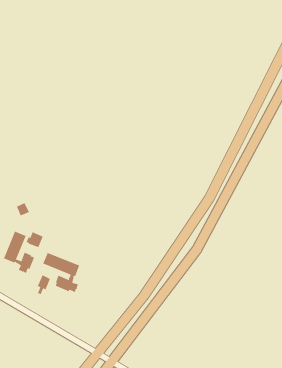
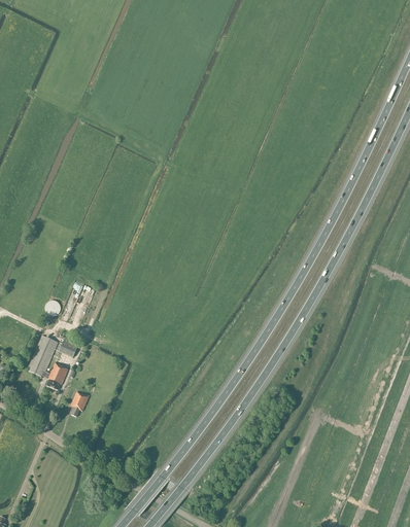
building: [42,252,80,293] -> none

